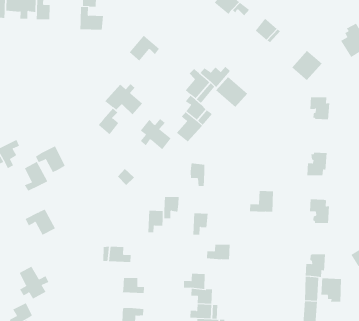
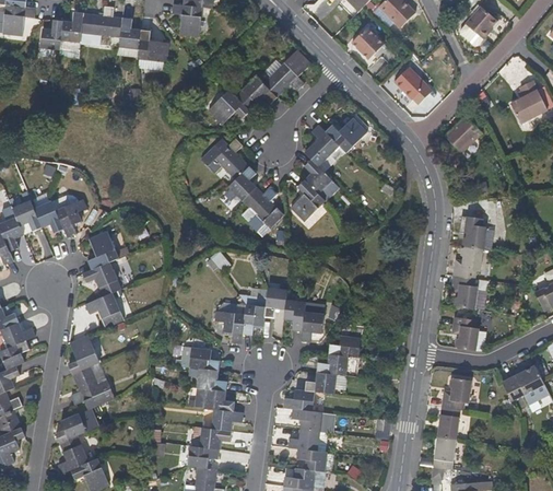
building: [79,7,104,30] -> [137,28,169,61]
building: none -> [263,56,305,96]
building: none -> [208,89,249,125]
building: [215,76,248,108] -> none
building: [309,97,330,120] -> [459,215,486,247]
building: [98,108,119,135] -> [228,165,256,200]
building: [35,146,65,173] -> [83,260,121,295]
building: [190,163,205,186] -> [284,299,305,330]
building: none -> [451,274,478,307]
building: [249,191,274,212] -> [328,328,362,358]
building: none -> [214,309,245,341]
building: none -> [68,334,99,372]
building: none -> [304,372,336,394]
building: none -> [197,367,227,390]
building: [321,277,342,302] -> none
building: none -> [211,409,243,431]

